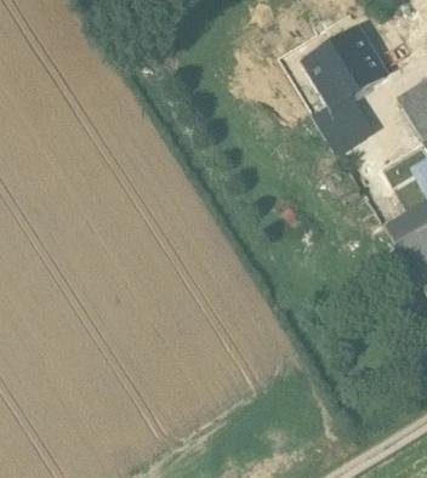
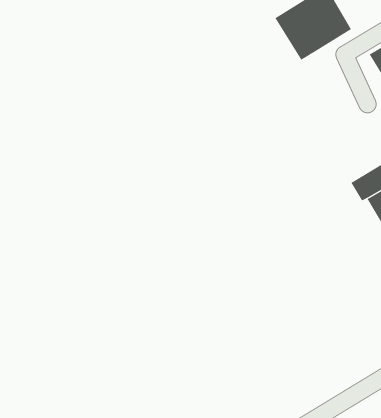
building: [315,98,372,159] -> none

